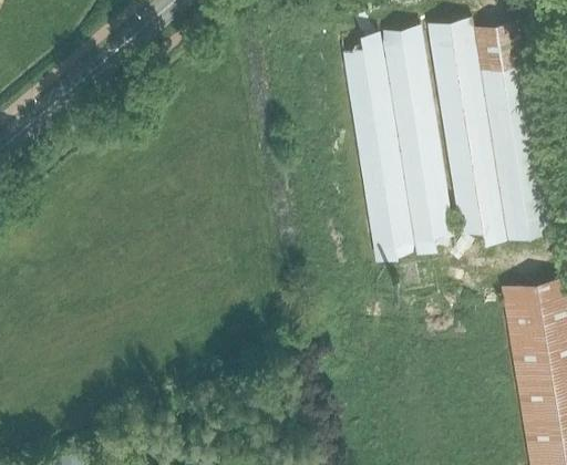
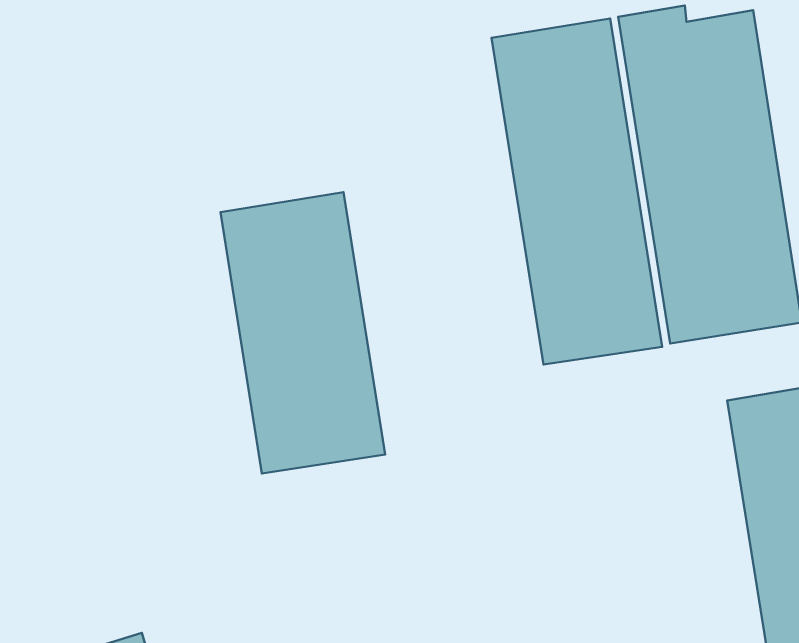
building: none -> [221,192,385,473]

